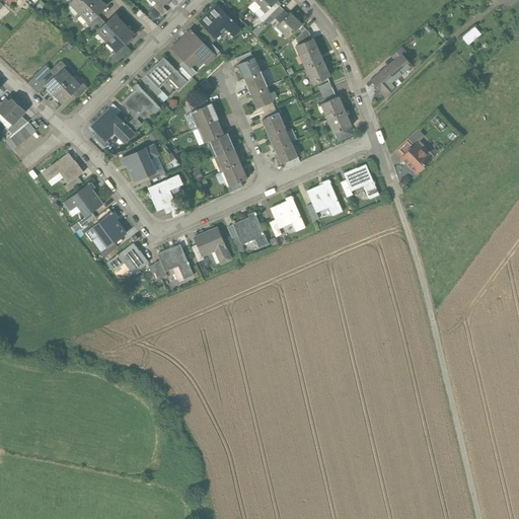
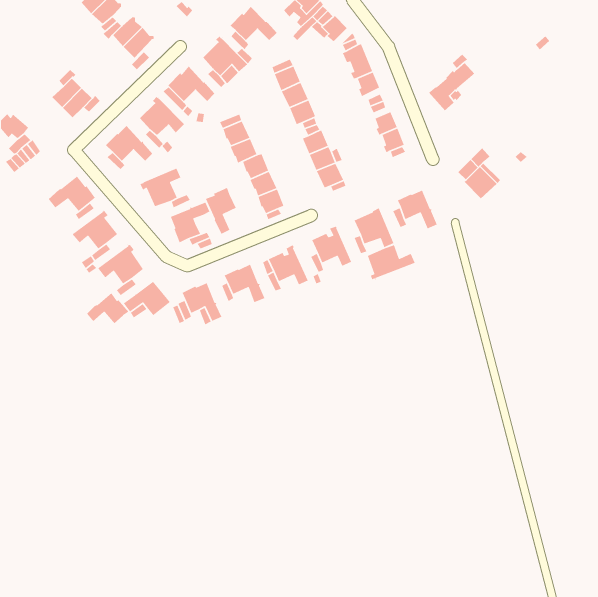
building: none -> [205,187,237,235]
building: none -> [367,244,416,281]
building: none -> [86,292,129,324]

